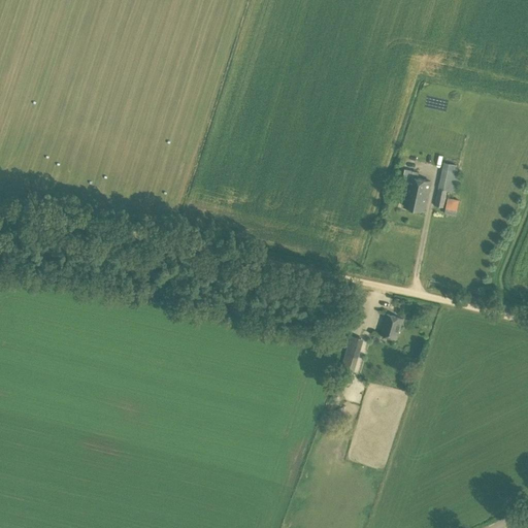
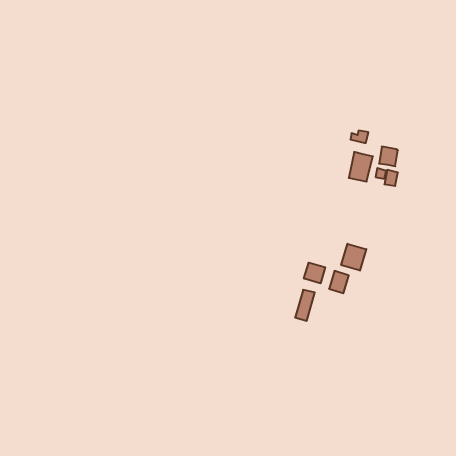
building: none -> [341,244,366,271]
building: none -> [304,263,325,283]

